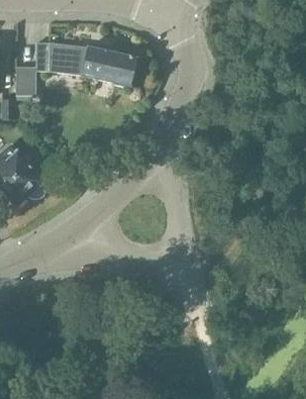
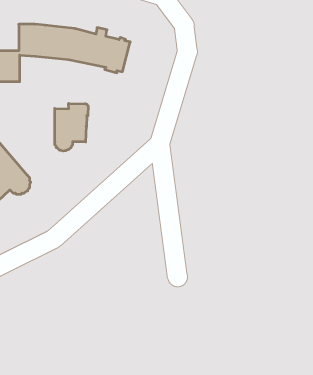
building: none -> [55,103,88,151]

